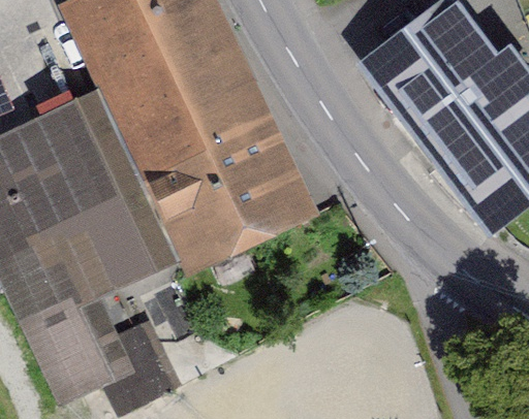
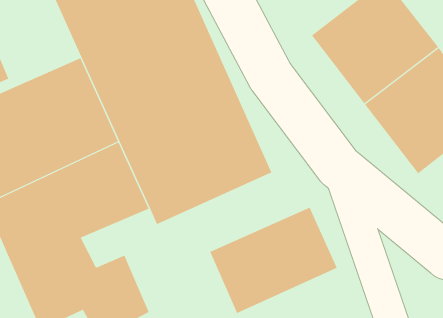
building: none -> [210,207,337,314]

